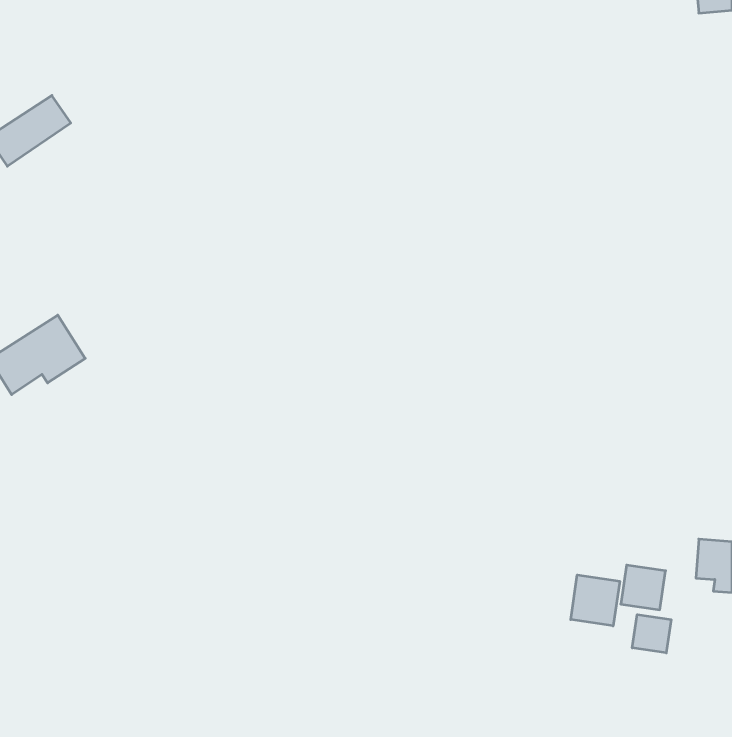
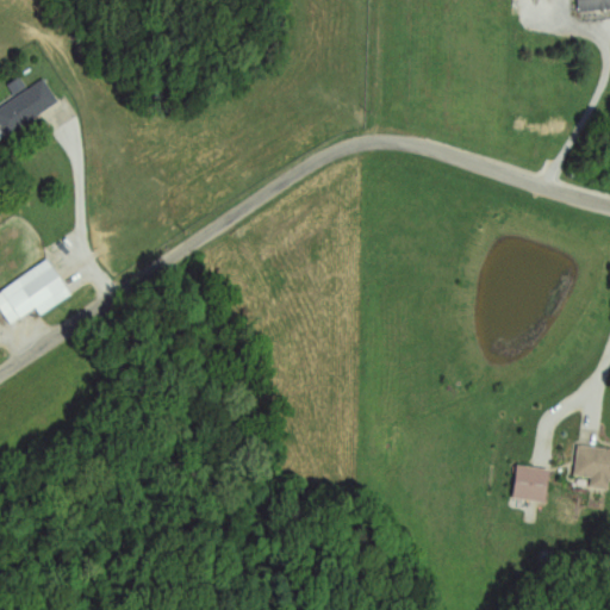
building: [571,575,620,626] -> none
building: [632,615,671,653] -> none

